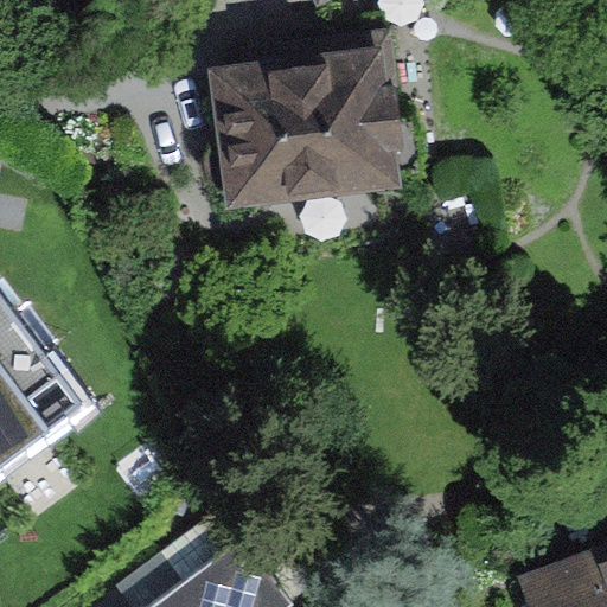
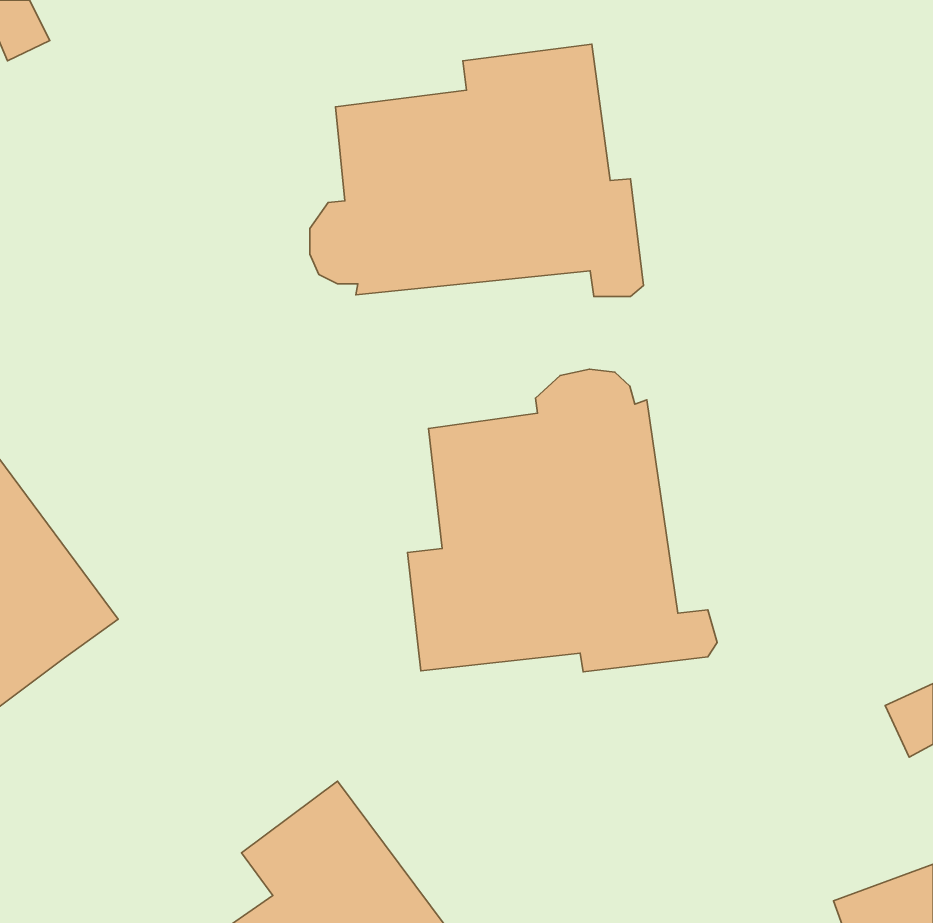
building: none -> [408,369,717,672]

